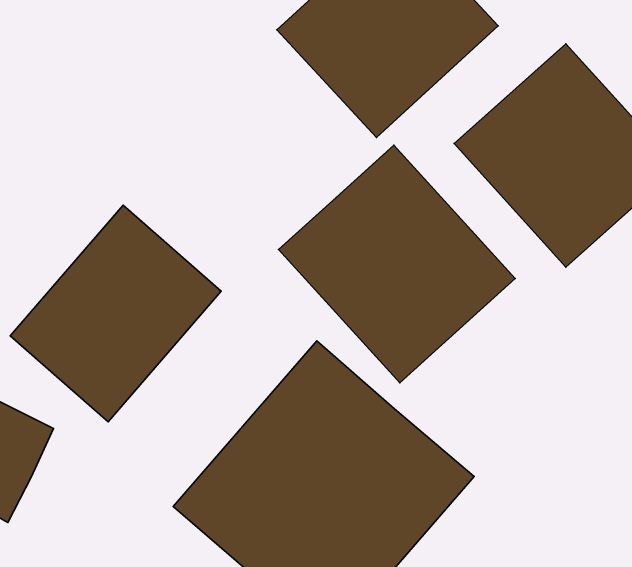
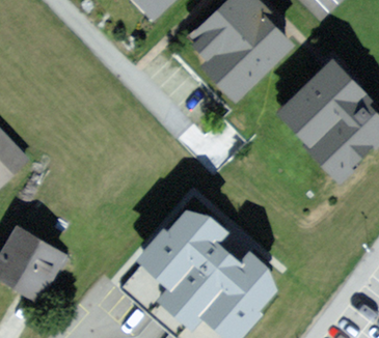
building: [278,145,515,383] -> none
building: [10,205,221,422] -> none

